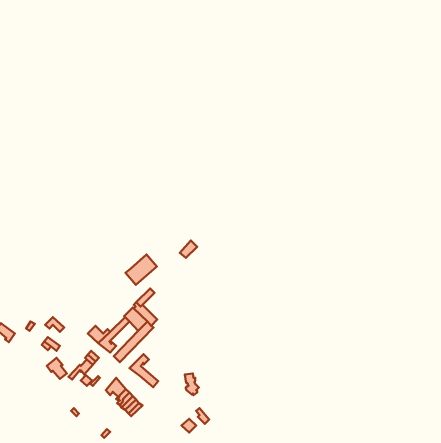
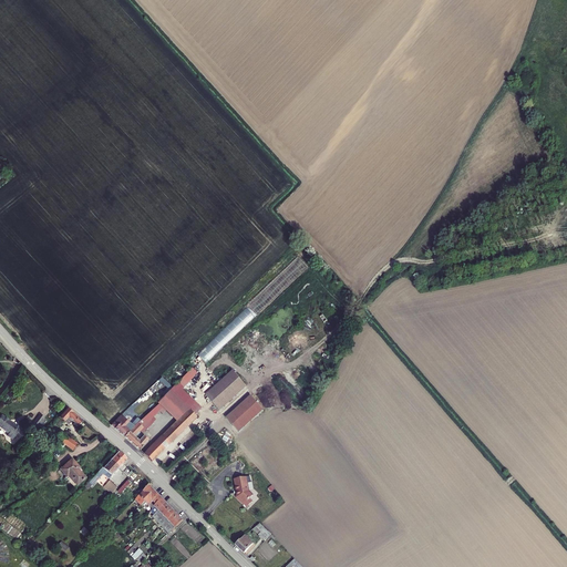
building: [126,254,157,285] -> [206,372,246,411]
building: none -> [226,396,264,433]
building: [130,354,158,387] -> none

